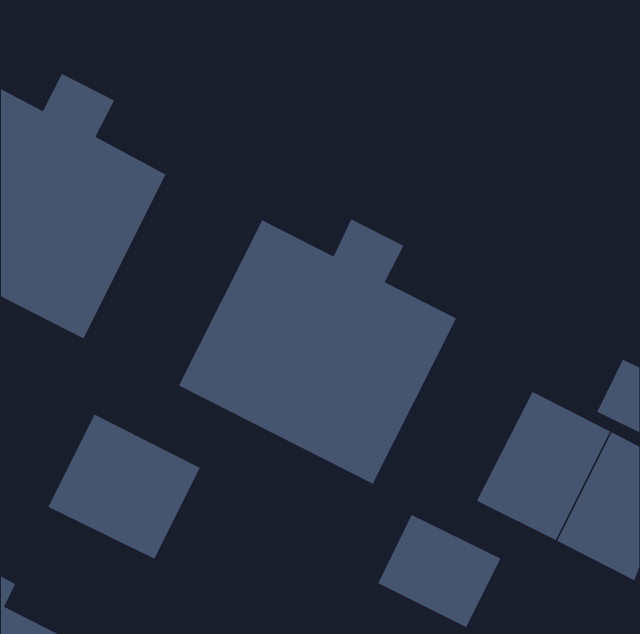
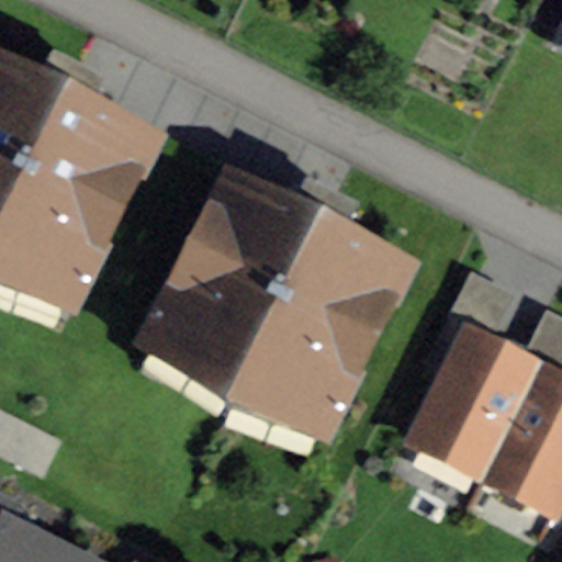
building: [47,414,201,560] -> none
building: [377,514,502,628] -> none

